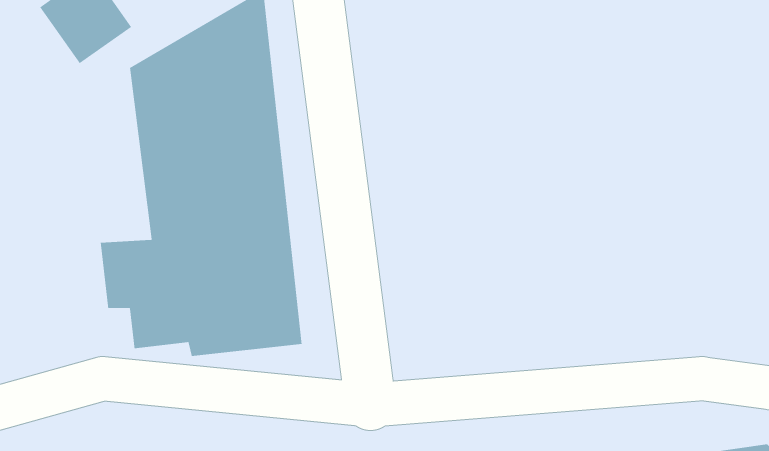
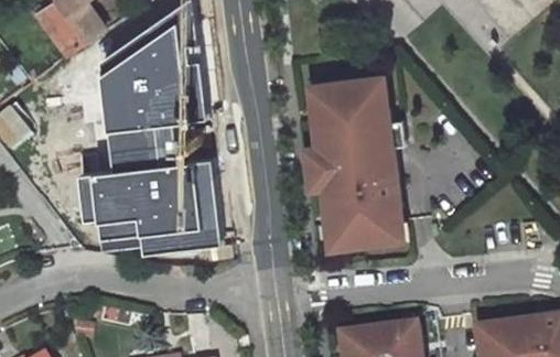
building: none -> [303,79,401,248]

